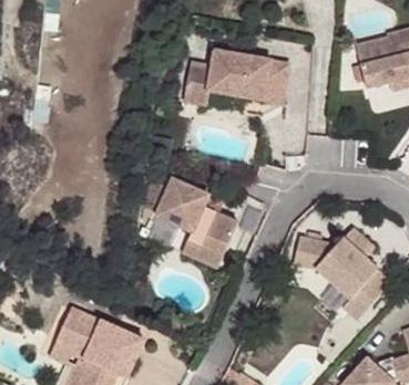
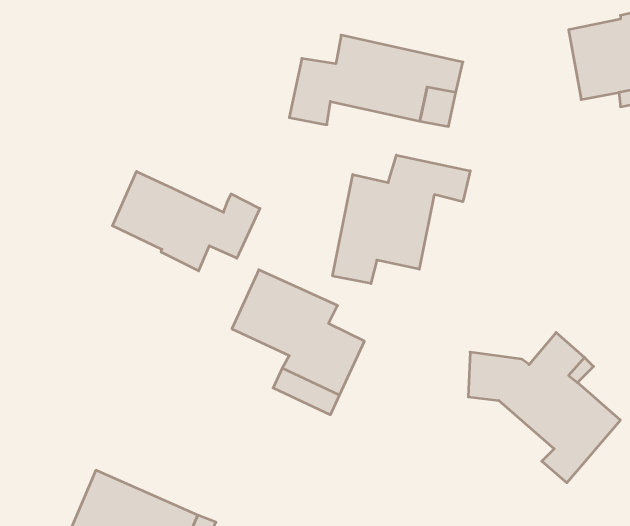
building: none -> [333,155,470,284]
building: none -> [112,171,260,271]

